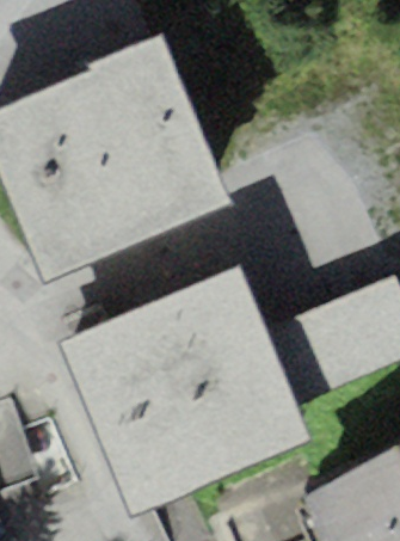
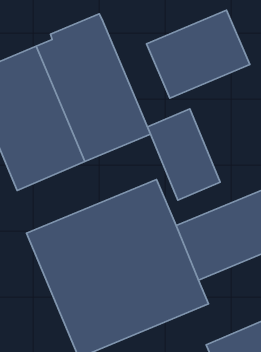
building: none -> [147,10,250,98]
building: none -> [147,109,220,200]

